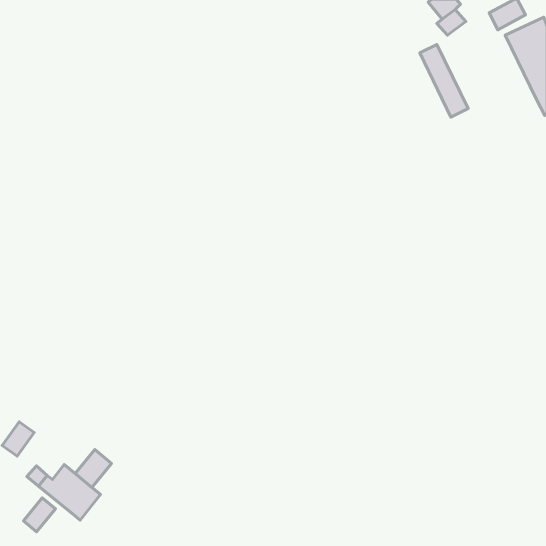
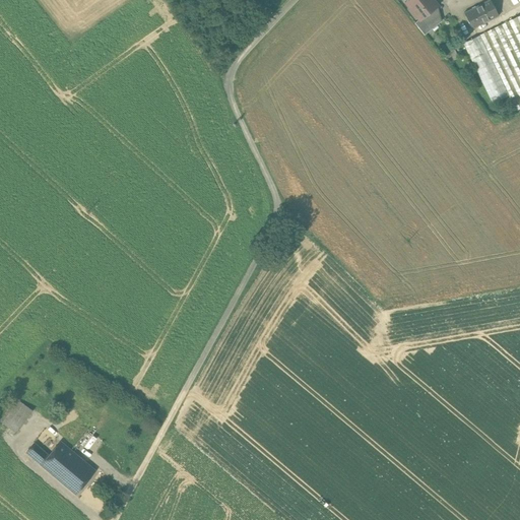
building: [420,44,468,117] -> [464,34,510,103]
building: [75,450,111,487] -> none
building: [23,498,55,532] -> none

